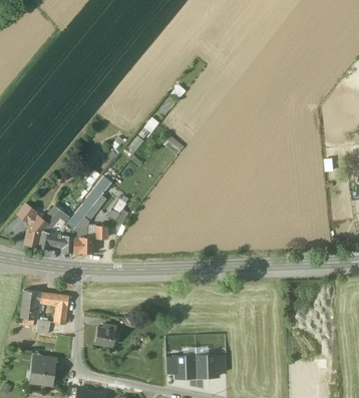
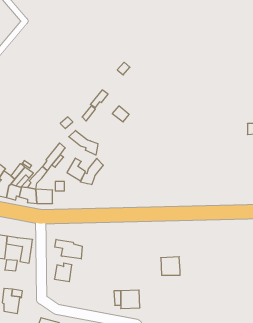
building: none -> [69,130,98,155]
building: none -> [81,158,103,185]
building: none -> [55,239,82,259]
building: [196,355,219,377] -> [161,257,180,275]

